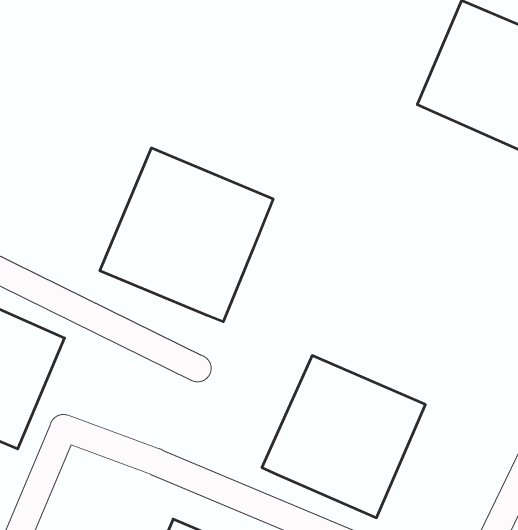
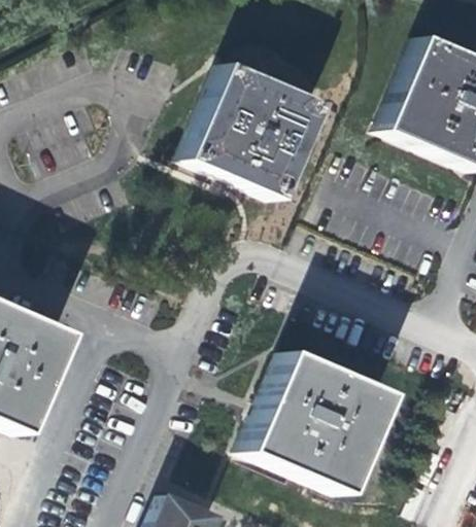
building: none -> [185,60,319,197]
building: [100,148,273,322] -> none

